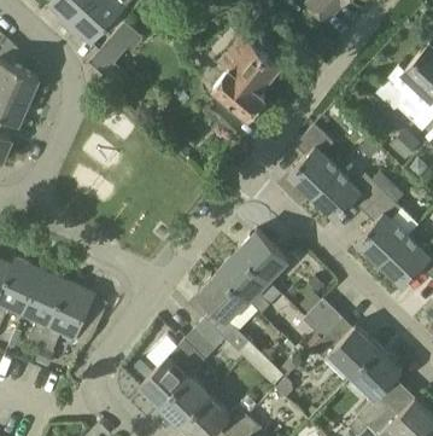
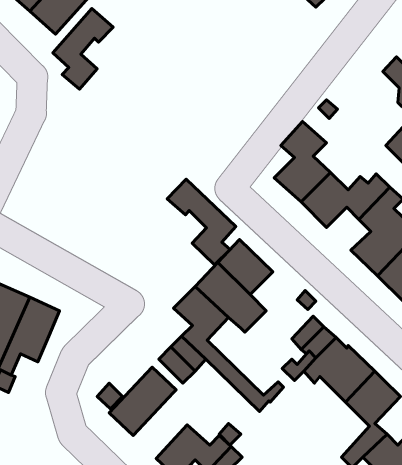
building: [215,37,281,117] -> none
building: none -> [167,179,236,265]
building: [163,368,220,428] -> none

